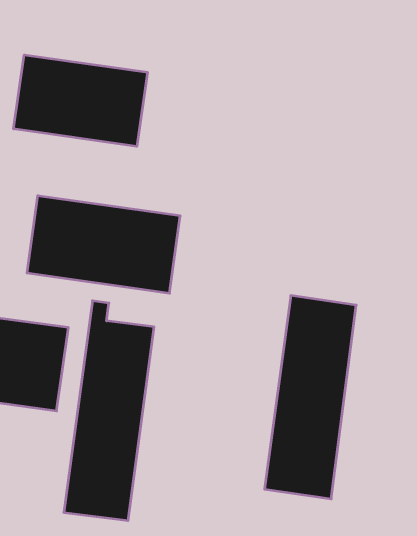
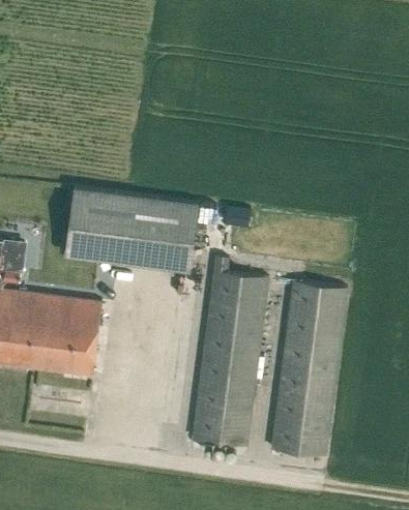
building: [14,55,147,146] -> none
building: [64,301,154,521] -> [193,251,271,443]

